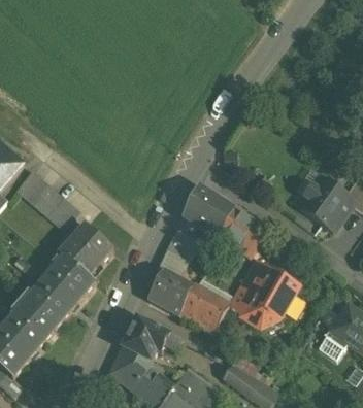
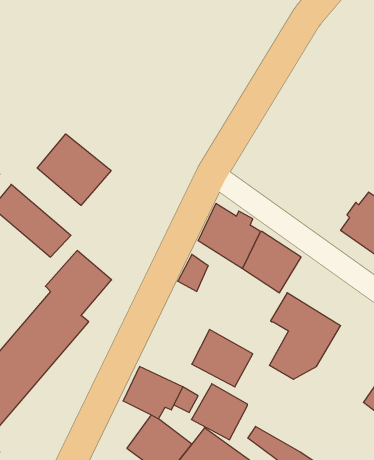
building: none -> [37,134,111,205]
building: [147,270,193,315] -> [191,384,247,440]
building: [109,345,145,383] -> none

